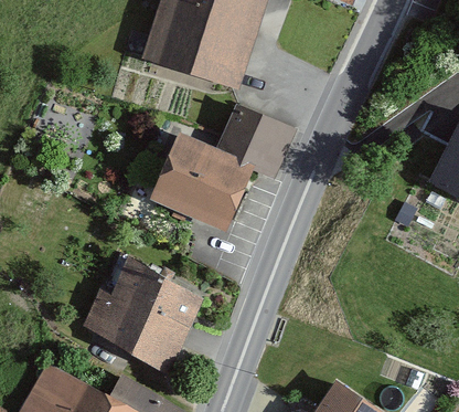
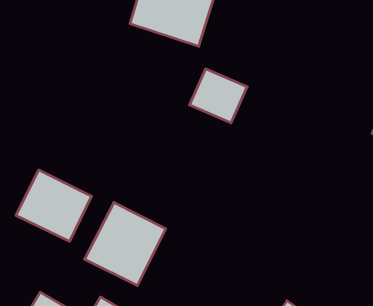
building: [156,142,246,229] -> none
building: none -> [16,170,92,241]

